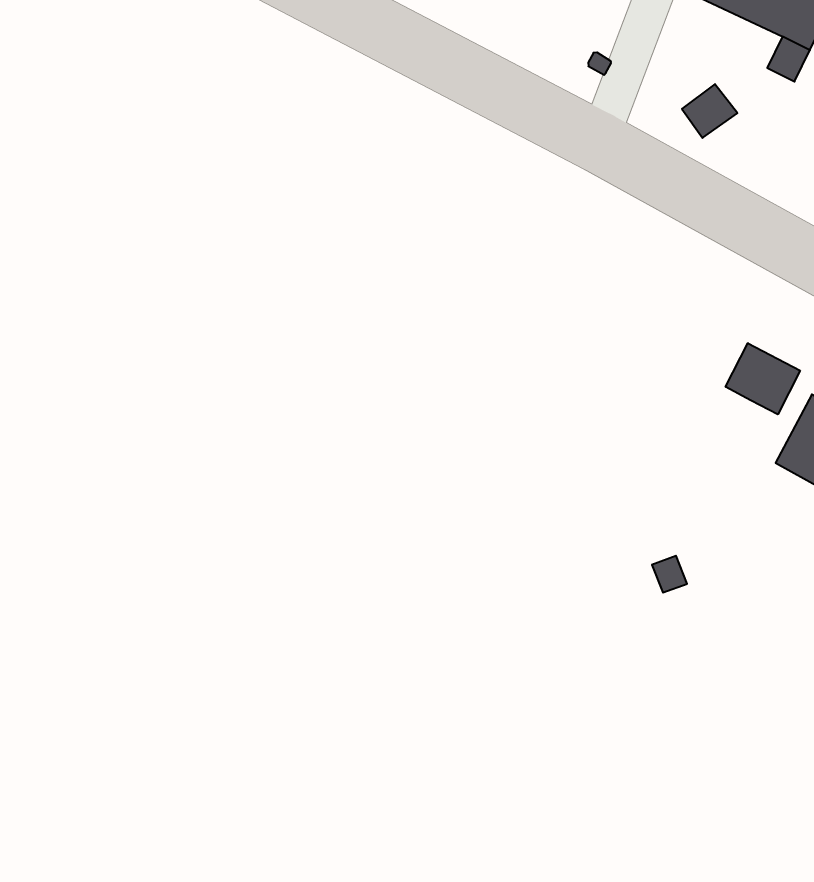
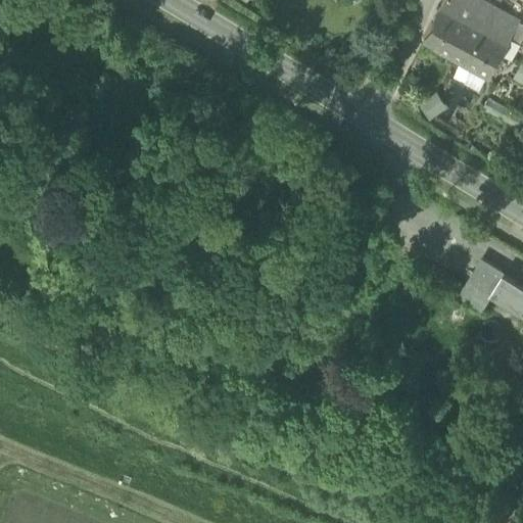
building: [726,343,800,414] -> none

